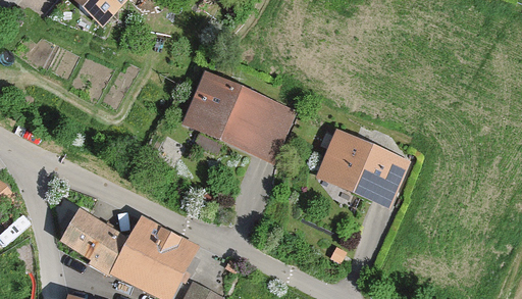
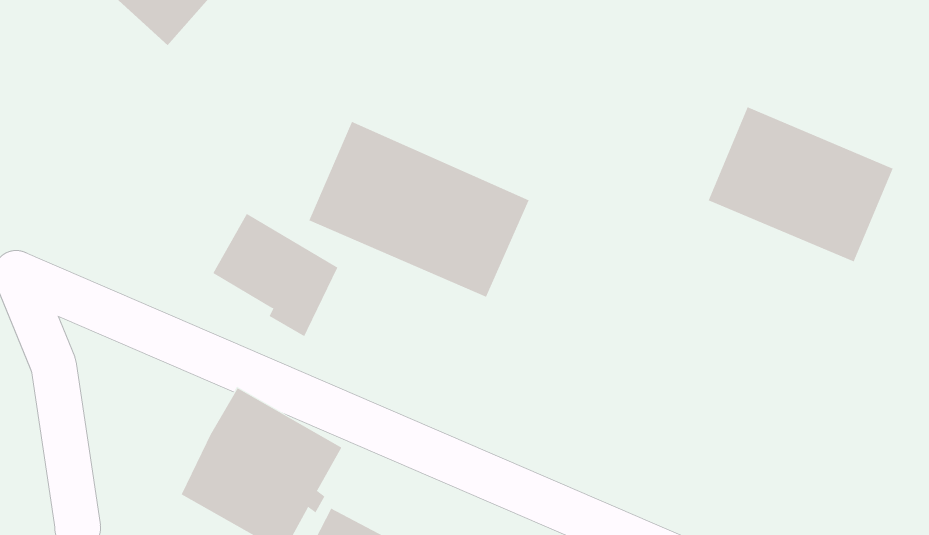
building: [312,126,413,210] -> [708,107,893,262]
building: [57,207,125,275] -> [213,213,338,337]

